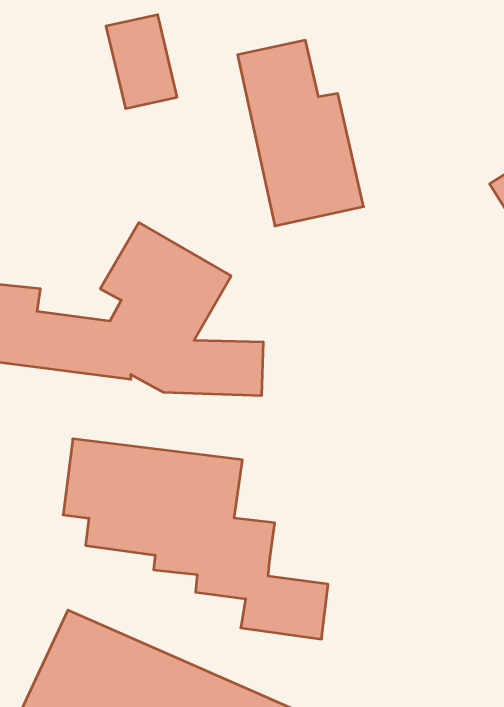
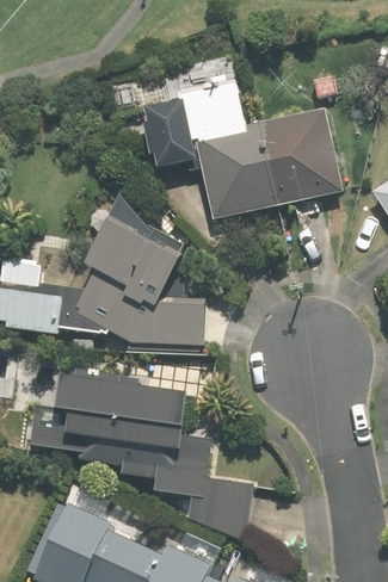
building: [106,15,177,108] -> [144,100,197,169]
building: none -> [259,106,343,205]

